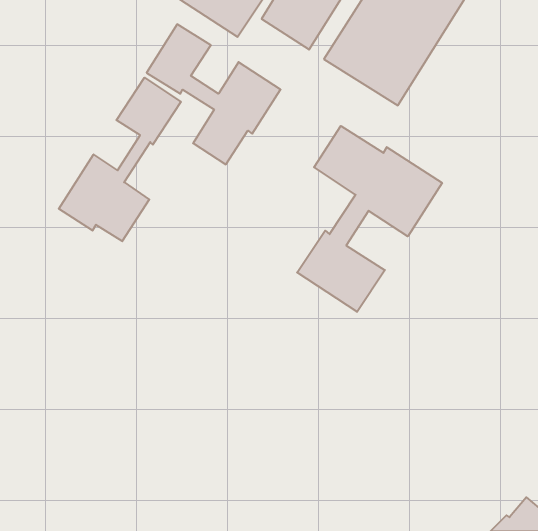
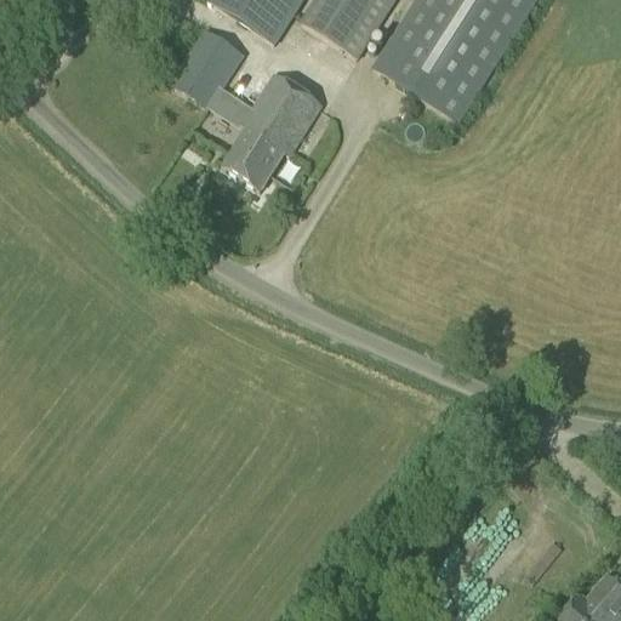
building: [59,78,181,241] -> none
building: [297,126,442,312] -> none

